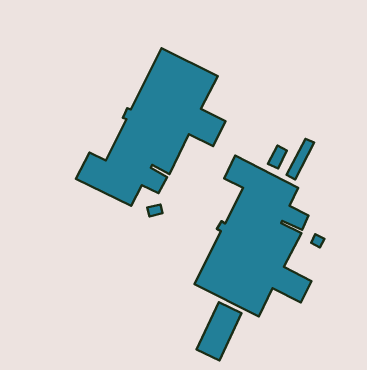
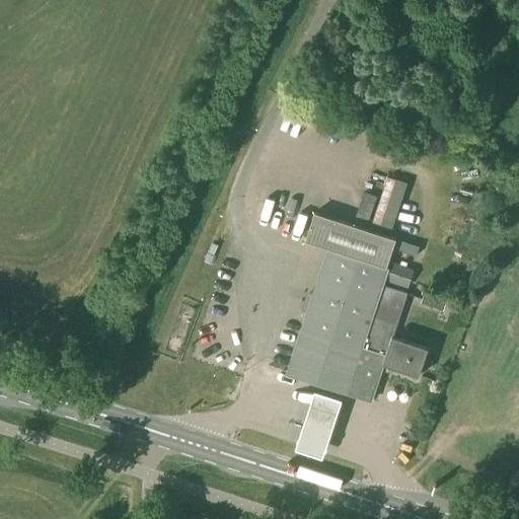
building: [76,48,226,206] -> none

